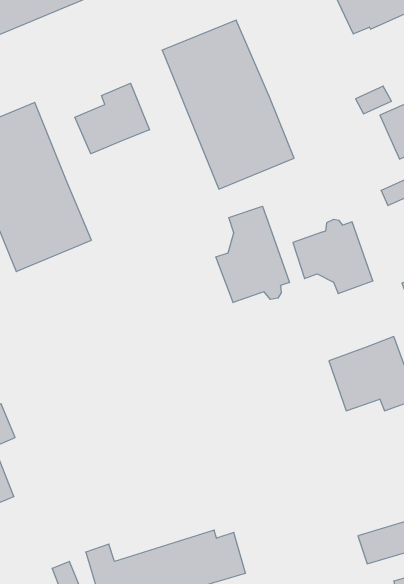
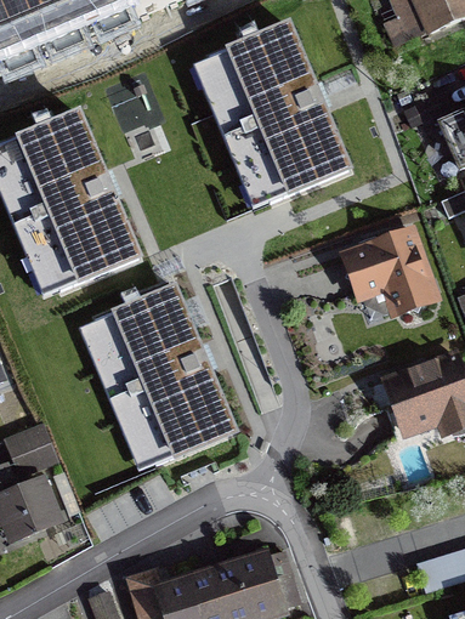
building: [75,83,150,154] -> none
building: [216,206,289,303] -> none
building: none -> [92,284,232,461]

